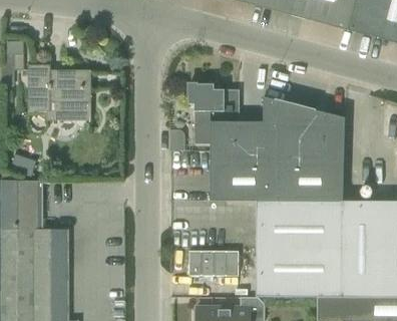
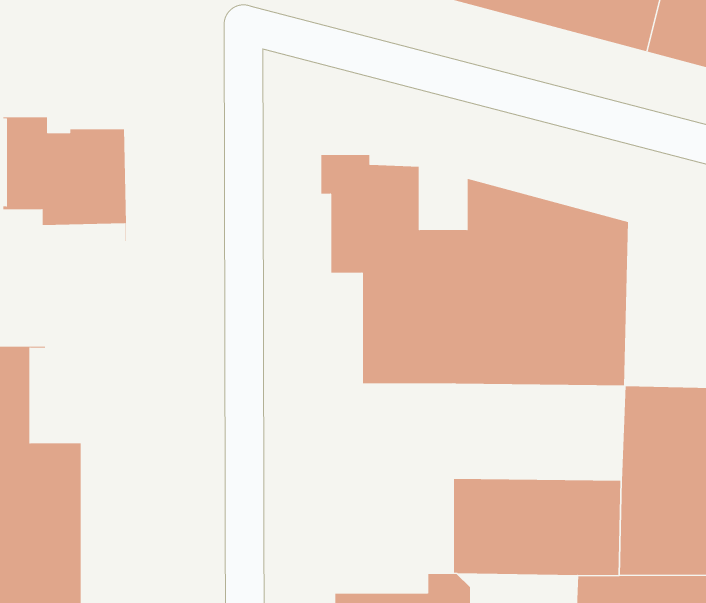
building: [256,200,343,249] -> none
building: [188,250,238,275] -> none

